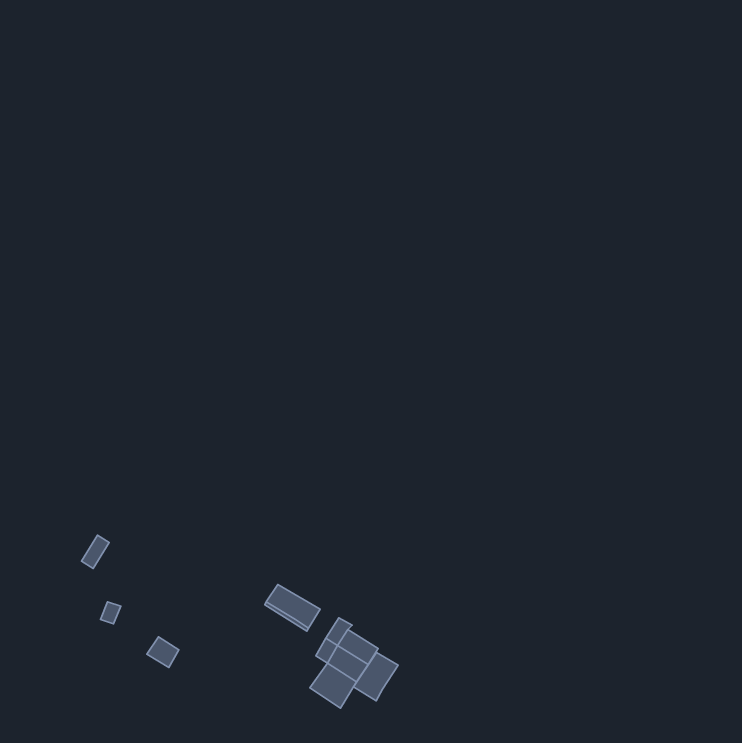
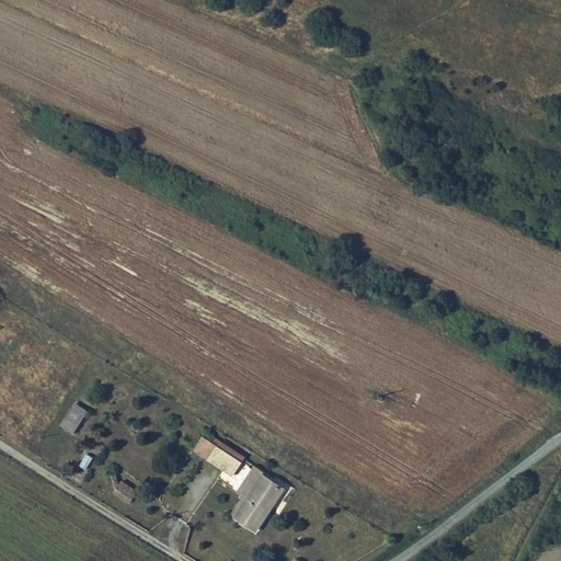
building: [353,652,398,701] -> none

